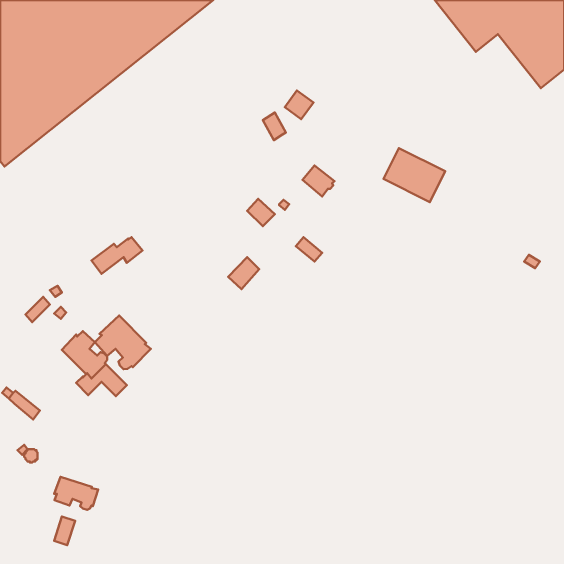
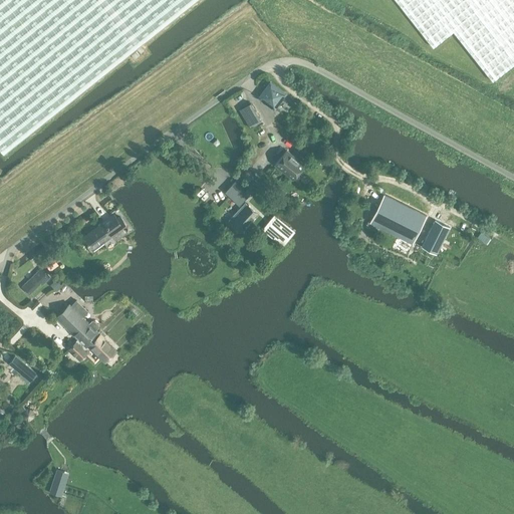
building: [384,148,445,202] -> [369,194,426,243]
building: none -> [422,220,450,255]
building: [228,257,259,289] -> [228,202,256,231]
building: [95,316,151,369] -> none
building: [54,477,98,510] -> none

